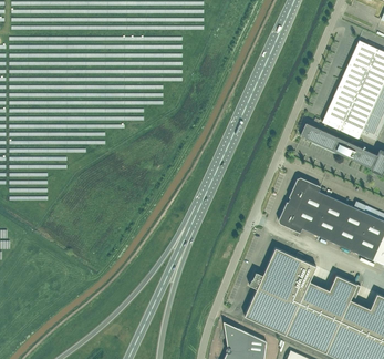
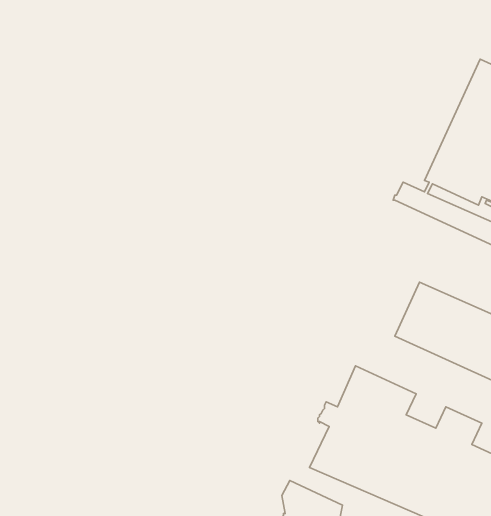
building: [279,178,321,233] -> none

